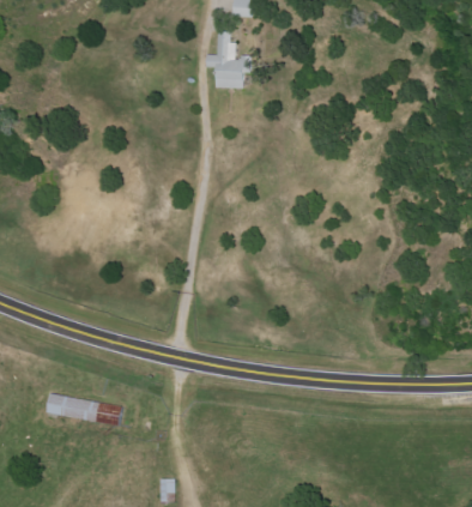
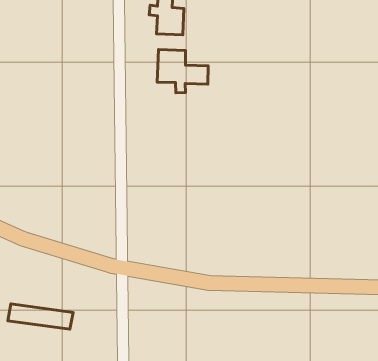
building: none -> [157,50,208,93]

